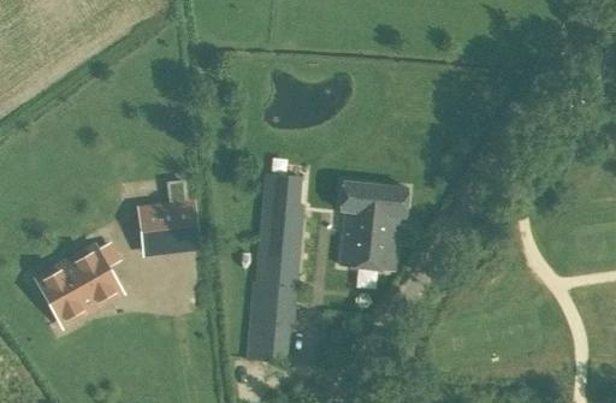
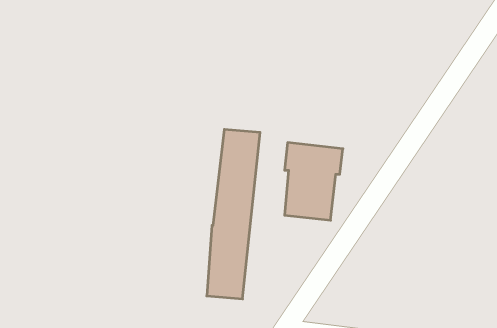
building: [136,198,200,256] -> none
building: [31,242,124,328] -> none

